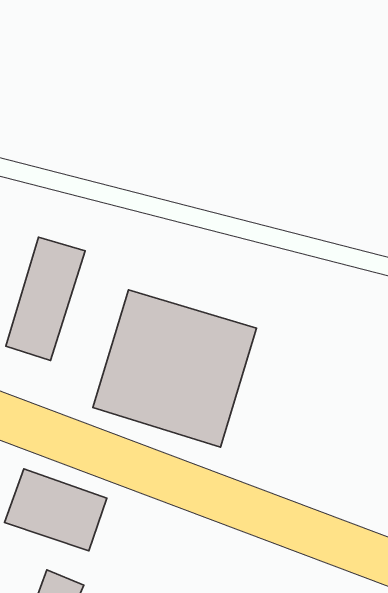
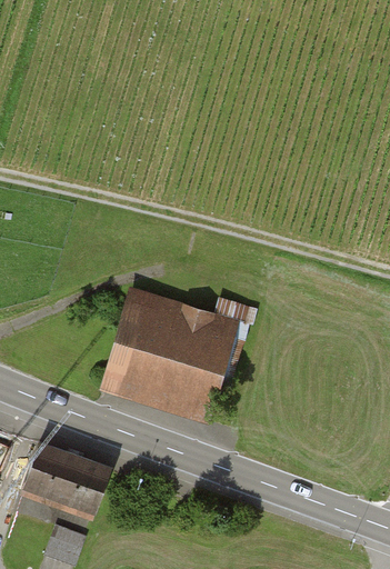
building: [6,237,85,361] -> none

